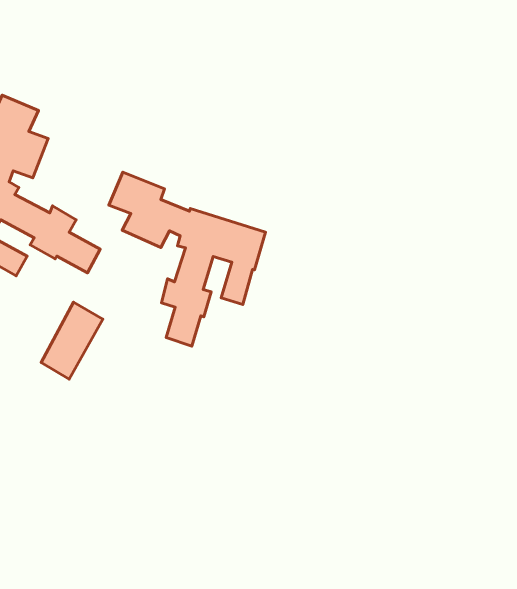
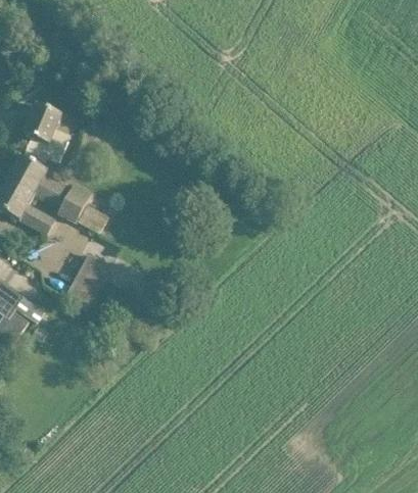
building: [109,172,265,346] -> none

